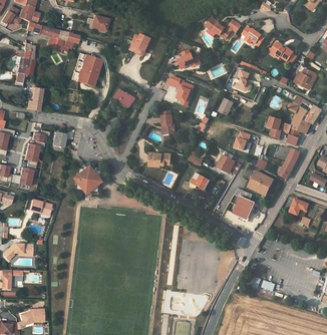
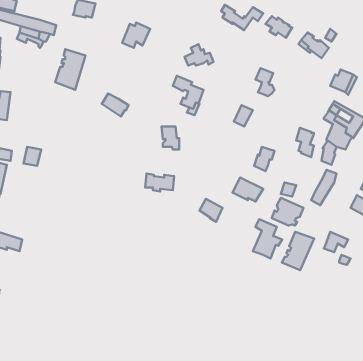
building: [72,164,104,198] -> none
building: none -> [282,232,314,270]

